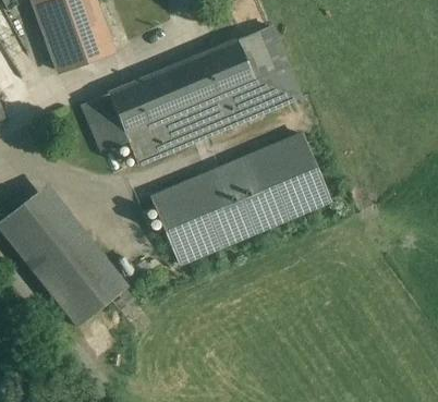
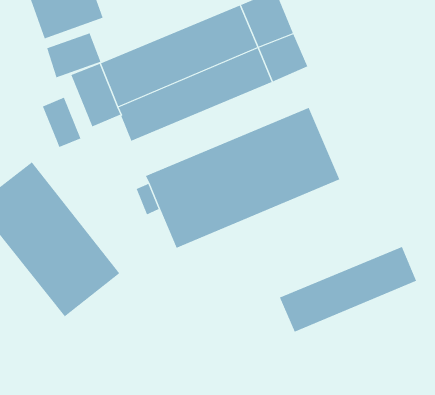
building: none -> [46,33,101,78]
building: none -> [42,97,81,148]
building: none -> [279,246,417,333]

